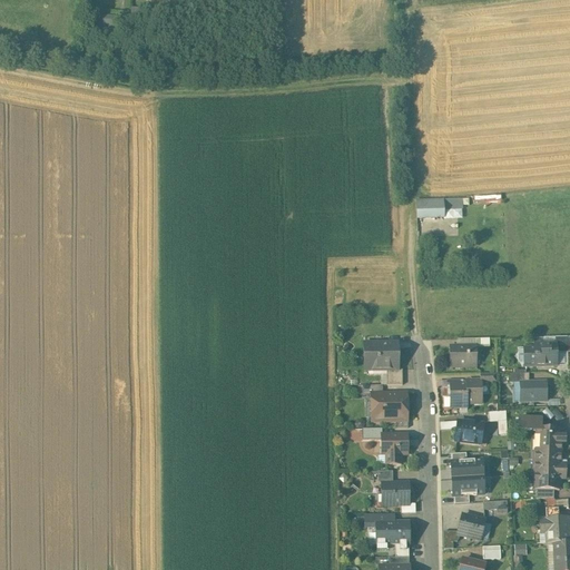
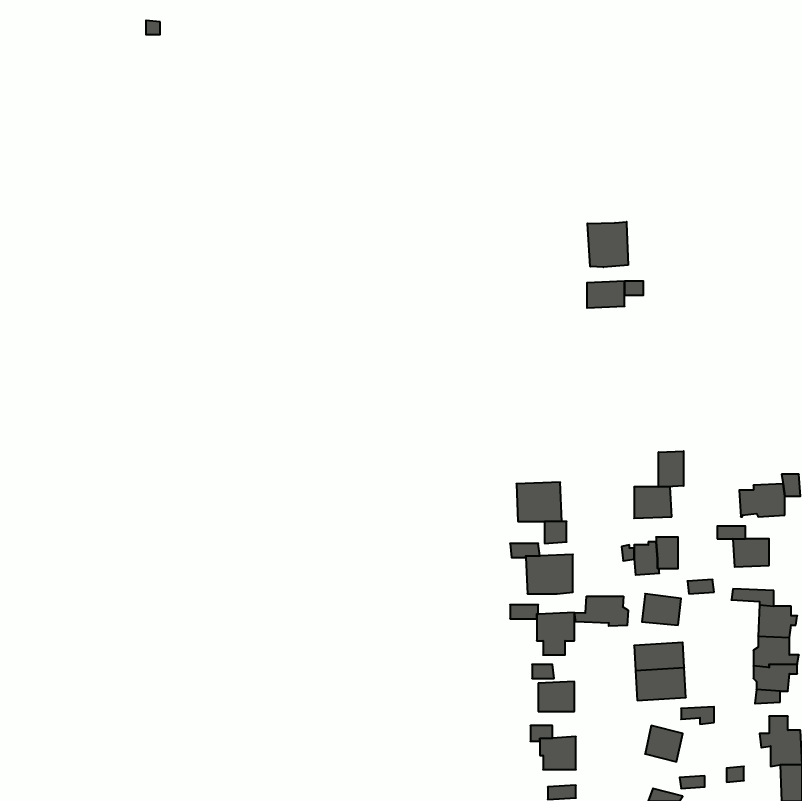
building: none -> [587,222,628,267]
building: none -> [659,451,684,487]
building: none -> [574,596,628,626]

